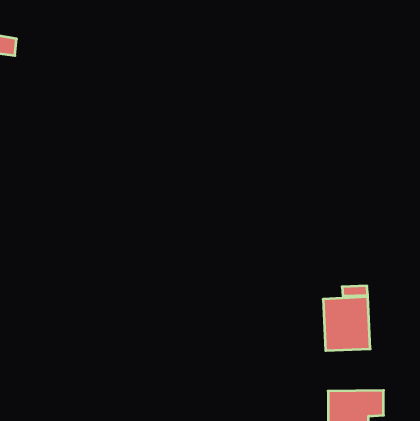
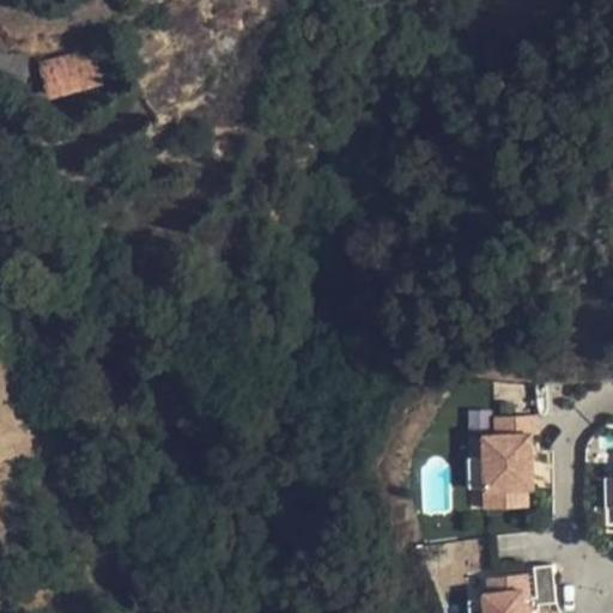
building: none -> [38,51,99,99]

